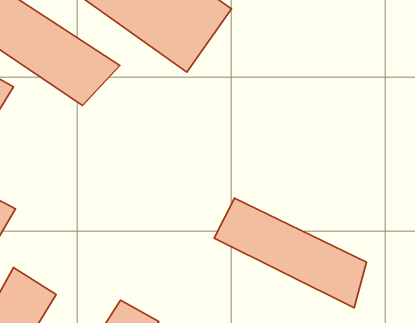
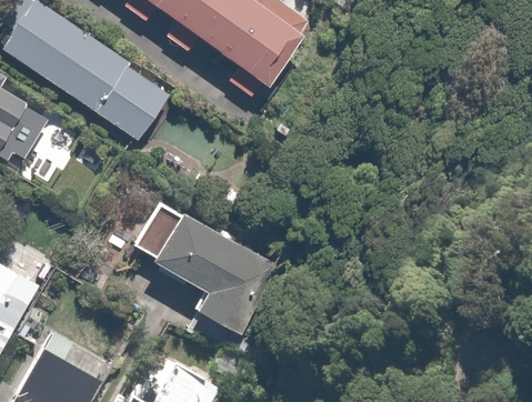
building: none -> [127,200,279,328]
building: [214,198,367,308] -> none

